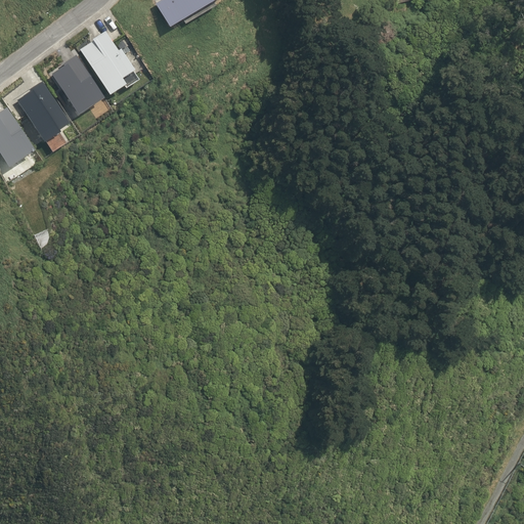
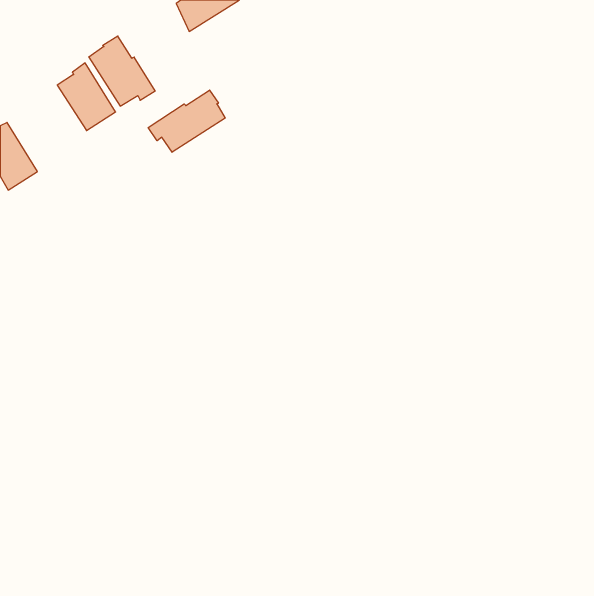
building: none -> [148,90,225,152]
building: [20,82,69,142] -> none

